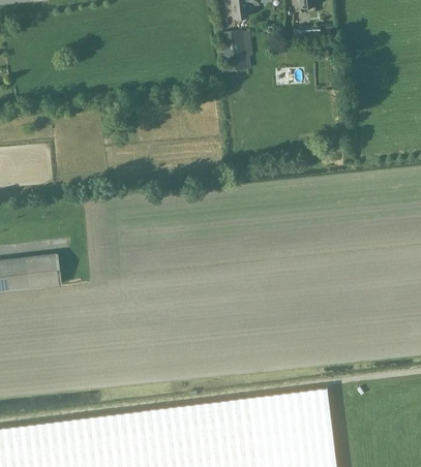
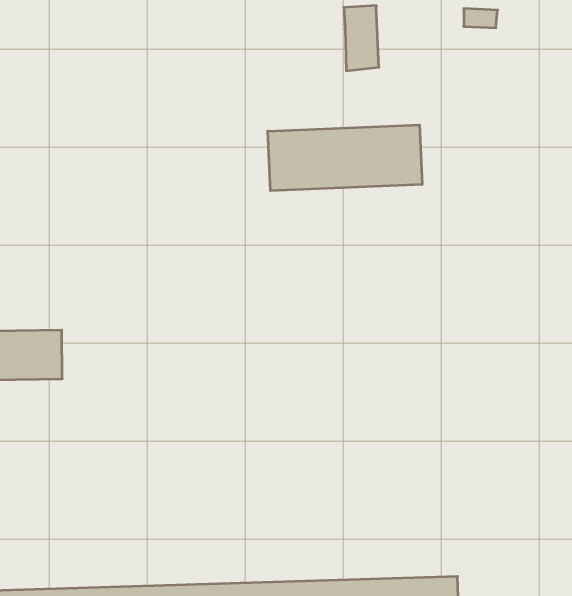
building: none -> [268,125,422,191]

